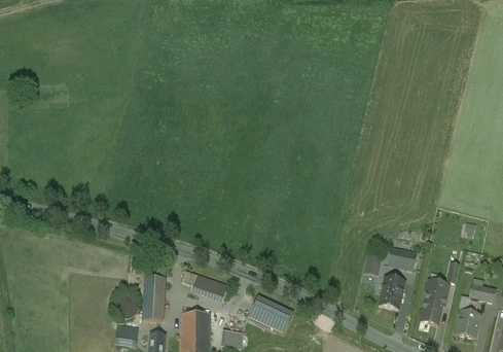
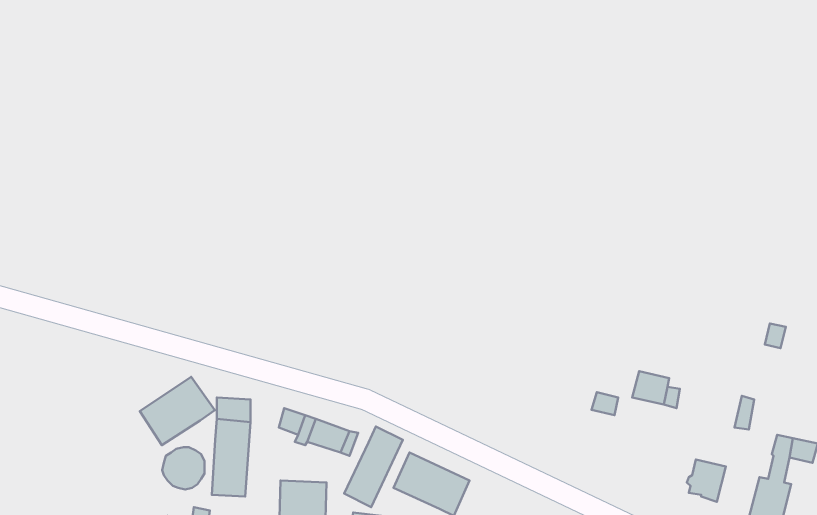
building: none -> [140,377,215,445]
building: [379,277,403,308] -> none
building: none -> [344,426,403,507]
building: [424,281,447,305] -> none

